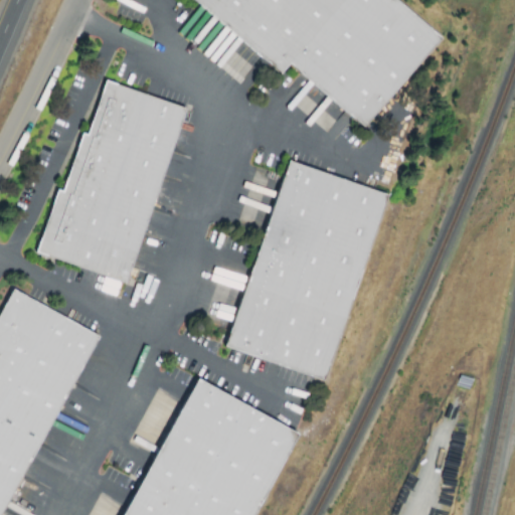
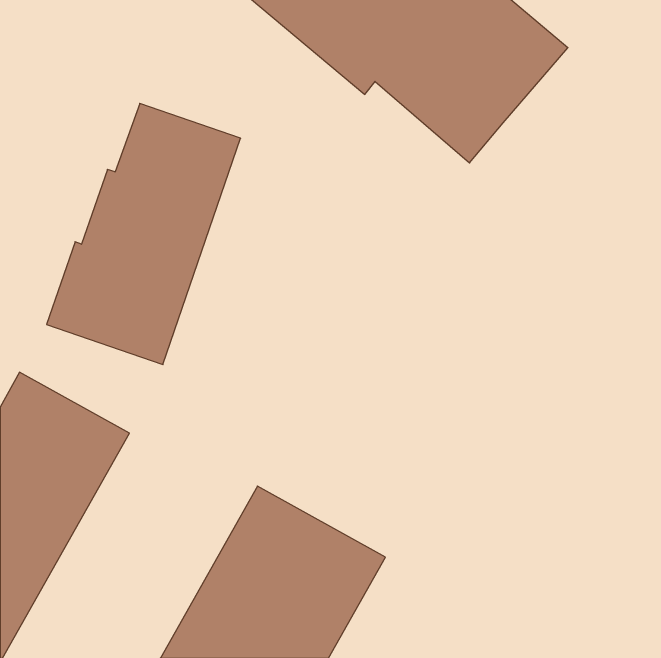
building: [226,159,389,380] -> none

